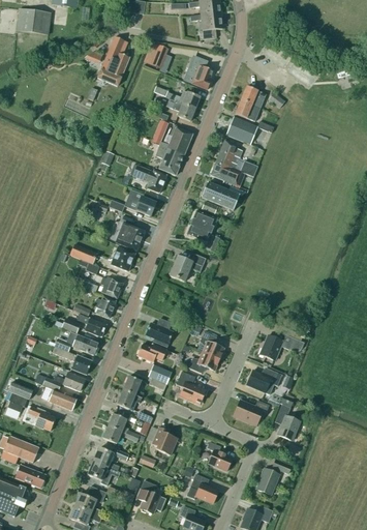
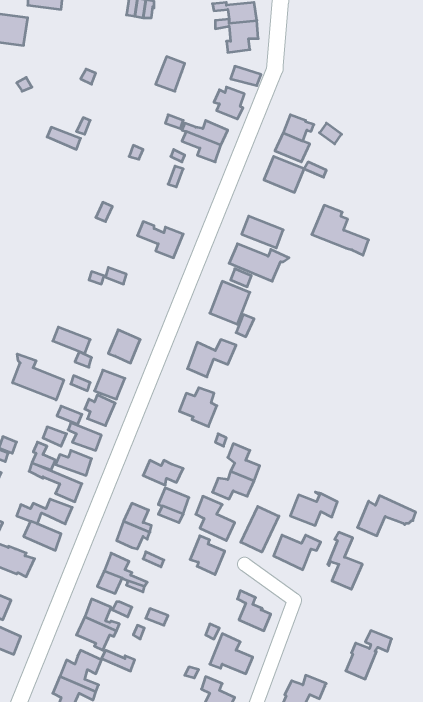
building: [97,36,129,86] -> none
building: [154,126,192,175] -> none
building: [215,140,257,177] -> [312,205,369,255]
building: [126,190,155,215] -> none
building: [114,225,144,251] -> none
building: none -> [13,354,64,400]
building: [145,318,173,347] -> [179,388,217,427]
building: [259,330,303,360] -> [357,496,416,536]
building: none -> [241,506,279,552]
building: [151,426,177,455] -> [190,536,225,575]
building: [256,459,290,495] -> [346,631,392,679]
building: [139,480,165,513] -> none

